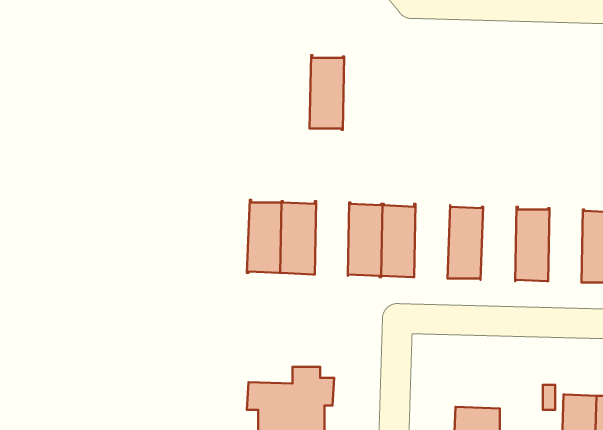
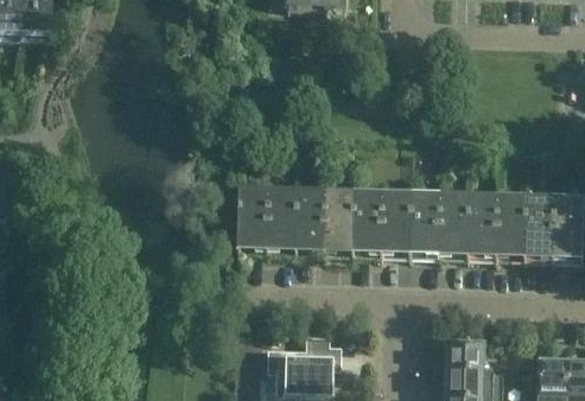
building: [310,55,344,130] -> [325,190,355,254]
building: none -> [239,189,269,252]
building: none -> [411,192,441,256]
building: none -> [468,195,498,259]
building: none -> [526,196,555,260]
building: none -> [446,337,485,368]

